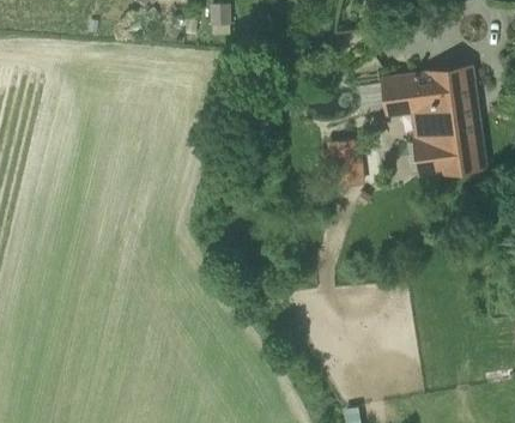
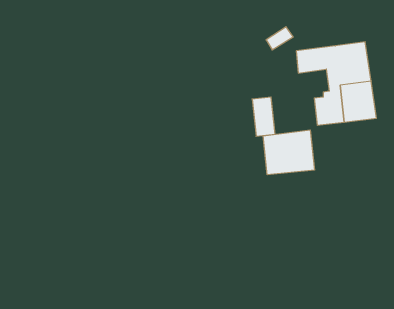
building: none -> [263,130,314,175]

